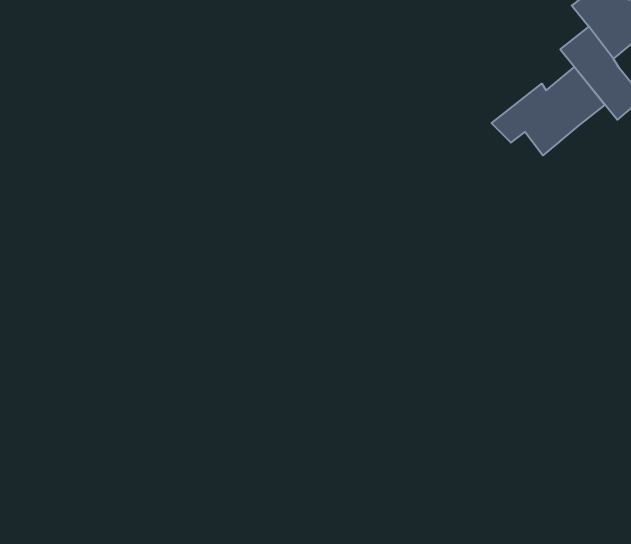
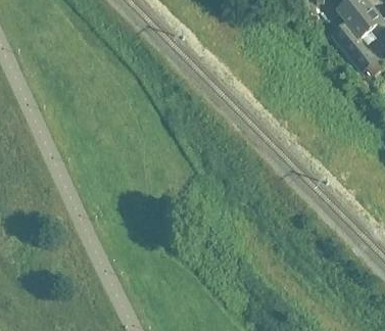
building: [492,67,605,155] -> none

